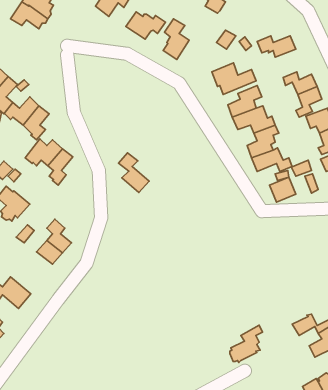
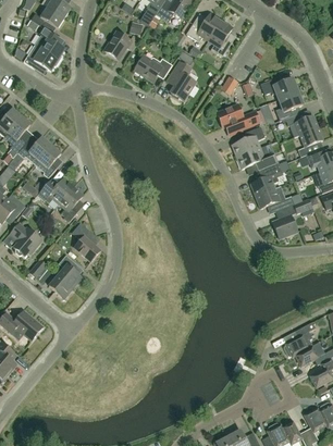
building: none -> [275,90,303,120]
building: [118,153,149,193] -> [71,222,100,260]
building: [230,325,262,363] -> [283,321,314,357]

